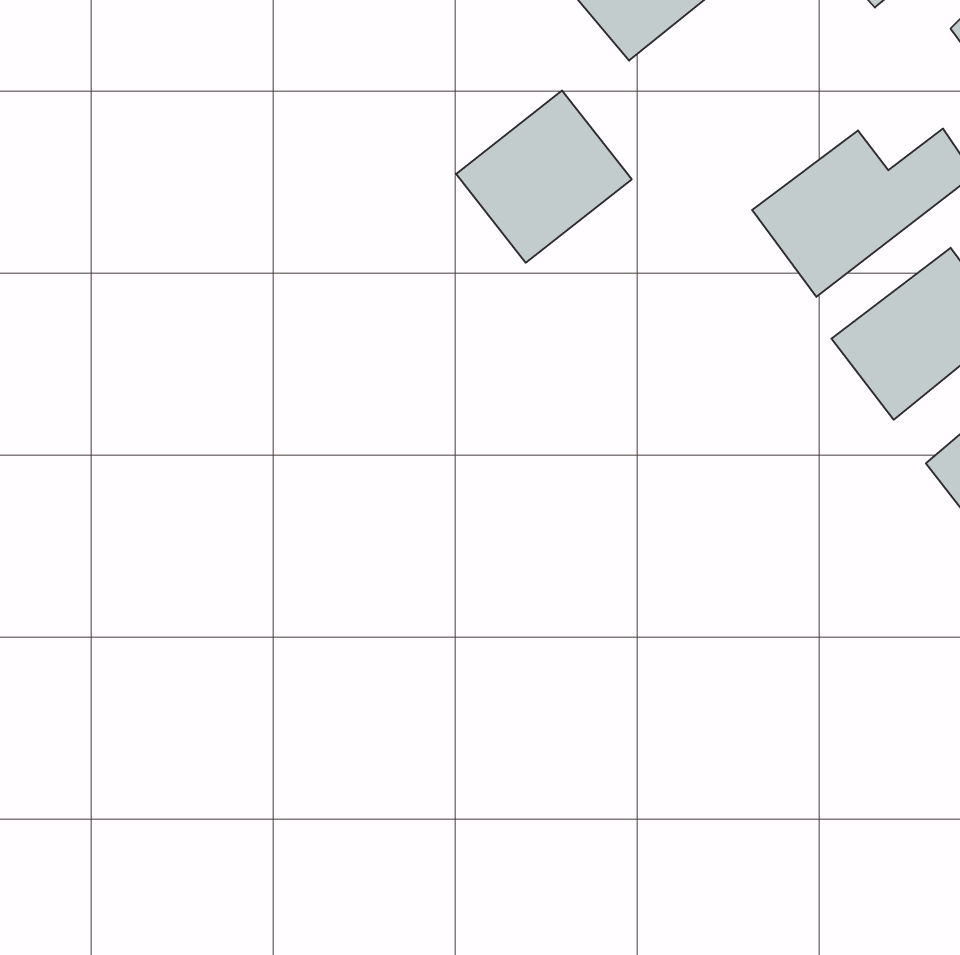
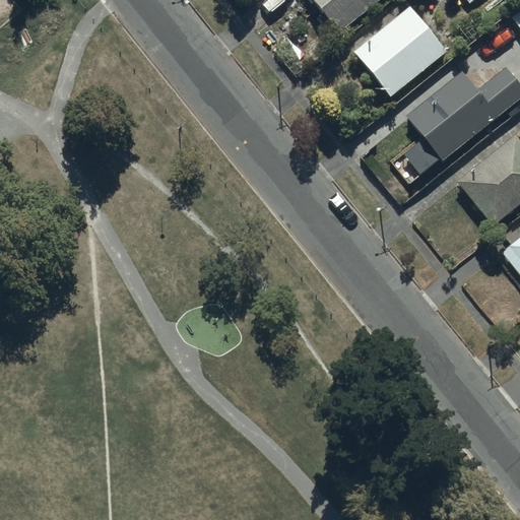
building: [456,91,632,263] -> [355,5,450,98]

